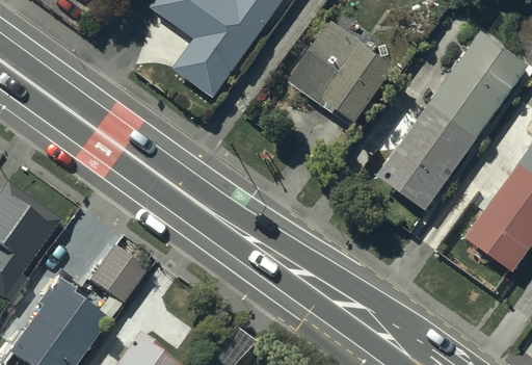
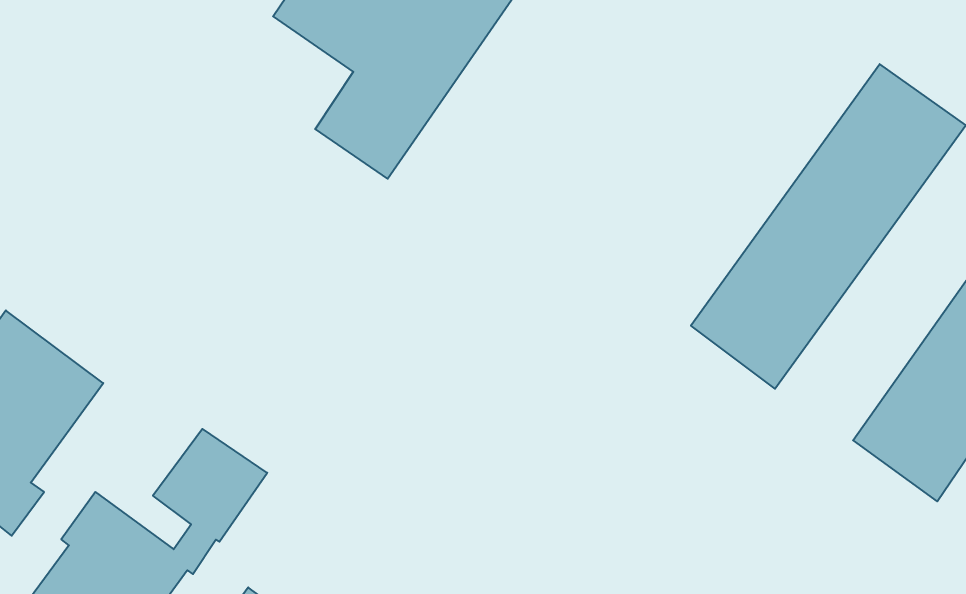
building: [289,28,395,136] -> none

